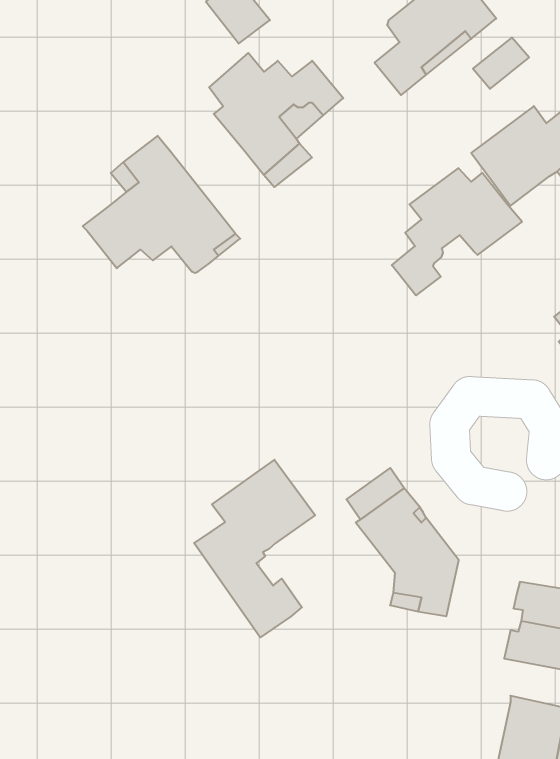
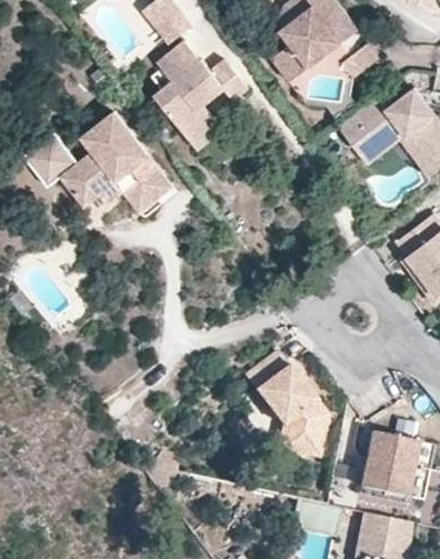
building: none -> [24,134,79,191]
building: [392,168,522,295] -> none
building: [194,460,315,637] -> none

